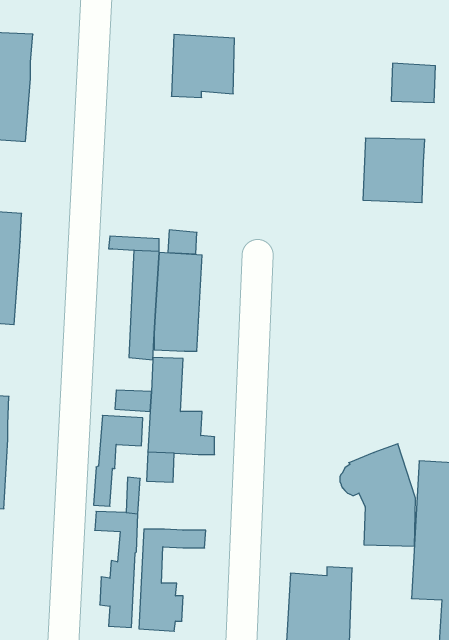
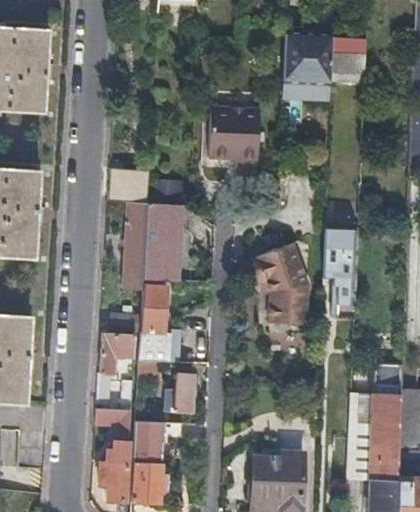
building: [171,34,234,97] -> [210,107,260,157]
building: [363,138,425,203] -> [285,34,334,85]
building: none -> [325,230,360,320]
building: [340,444,416,546] -> [249,245,309,326]
building: none -> [165,374,195,413]

